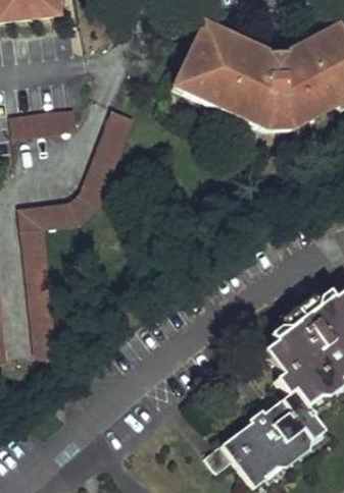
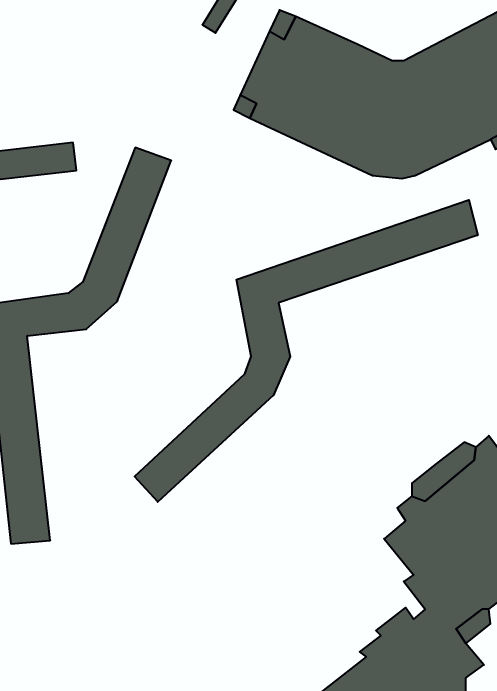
building: none -> [135,200,478,502]

